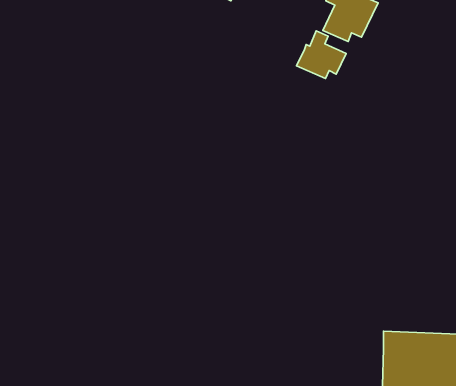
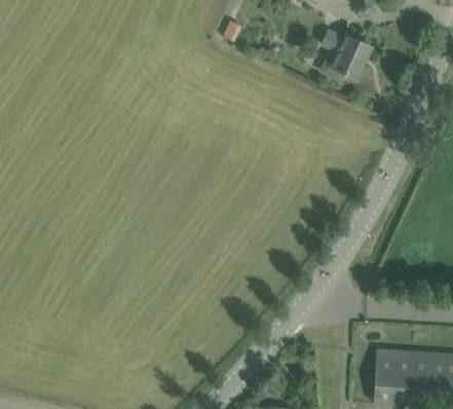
building: [296,31,346,79] -> none

